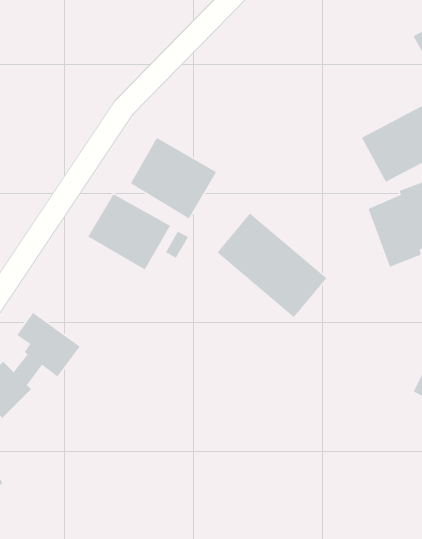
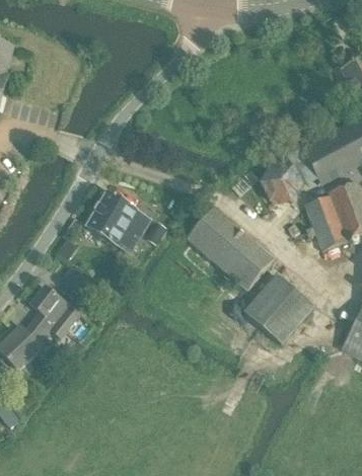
building: [130,137,217,219] -> none
building: none -> [259,163,303,203]
building: none -> [244,274,314,343]

